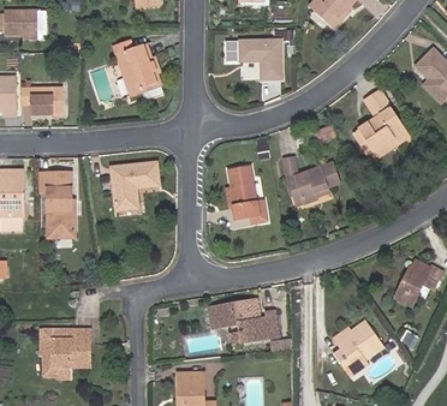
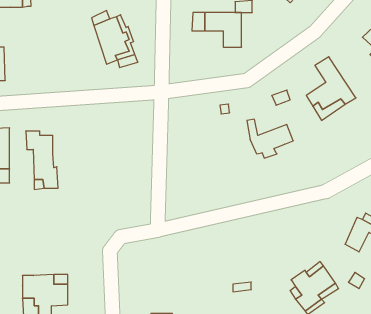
building: [20,88,61,114] -> none
building: [109,163,159,210] -> none
building: [228,166,269,223] -> none
building: [208,300,276,342] -> none

